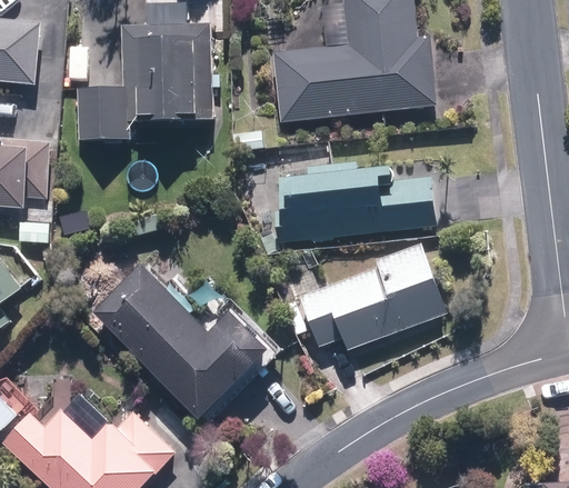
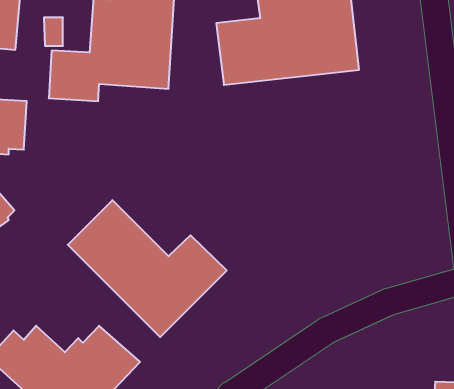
building: [269,160,441,248] -> none
building: [296,241,450,350] -> none

